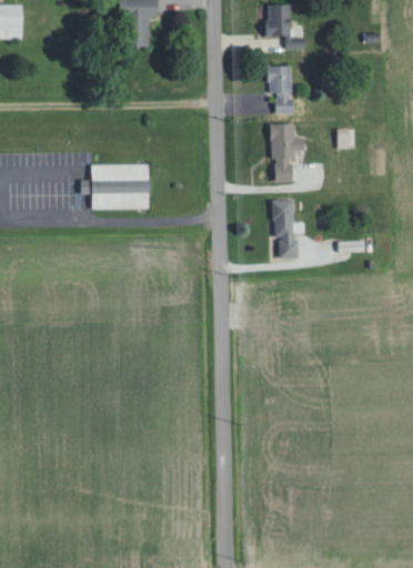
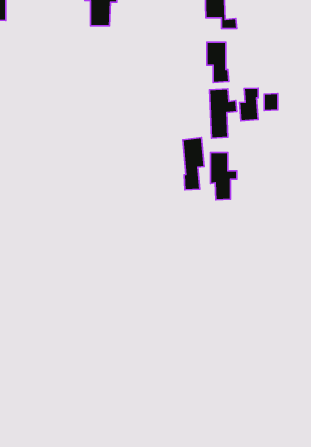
building: none -> [240,88,258,121]
building: [81,163,149,210] -> none
building: none -> [183,137,204,190]

